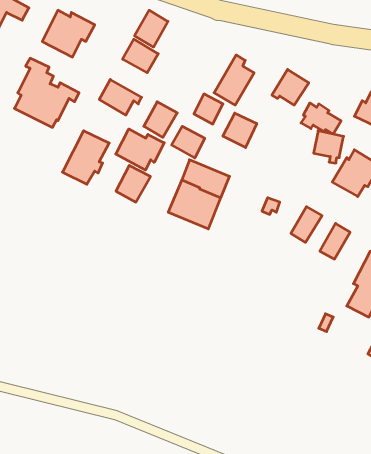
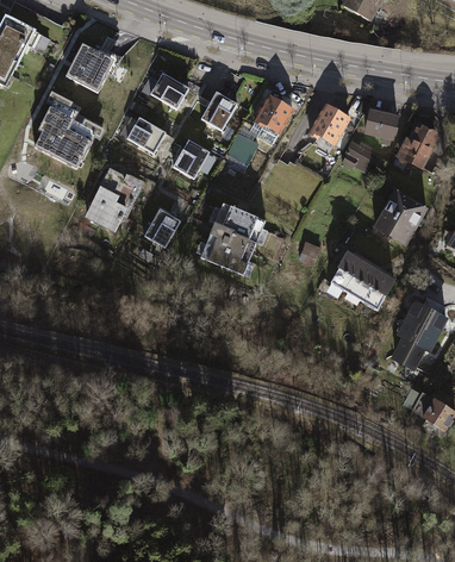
building: [135,10,168,47] -> [201,90,237,130]
building: [223,113,257,148] -> none
building: [172,126,205,158] -> none
building: [116,129,164,170] -> none
building: [314,131,344,163] -> [366,108,398,143]
building: none -> [347,261,379,299]

